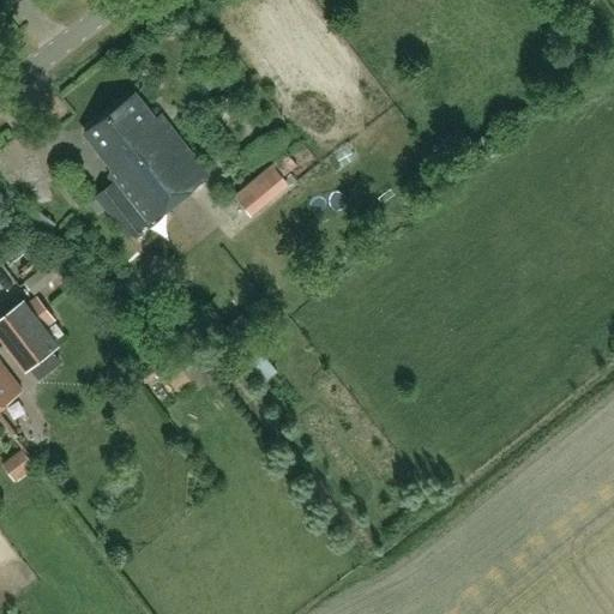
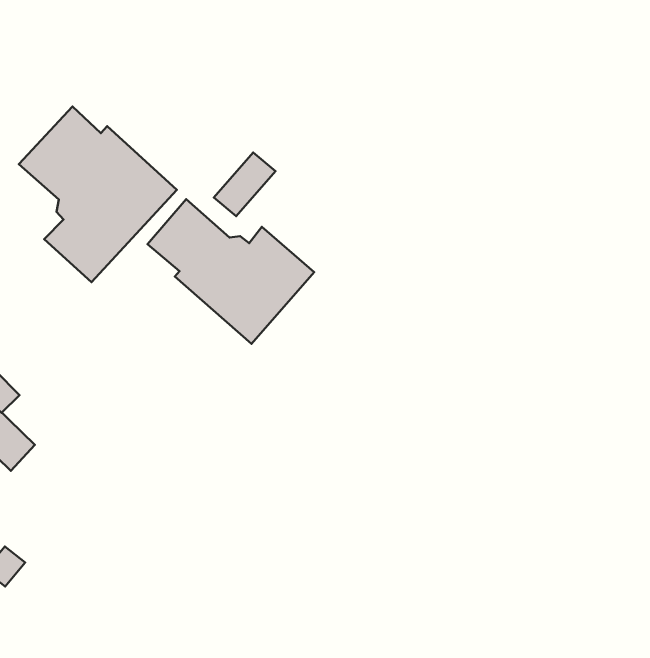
building: none -> [147,199,314,344]

